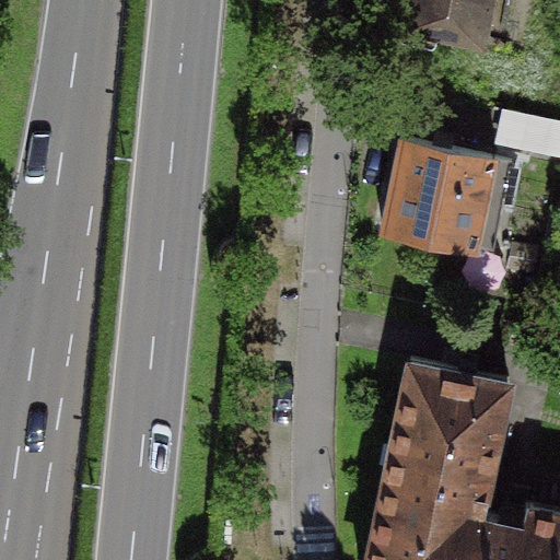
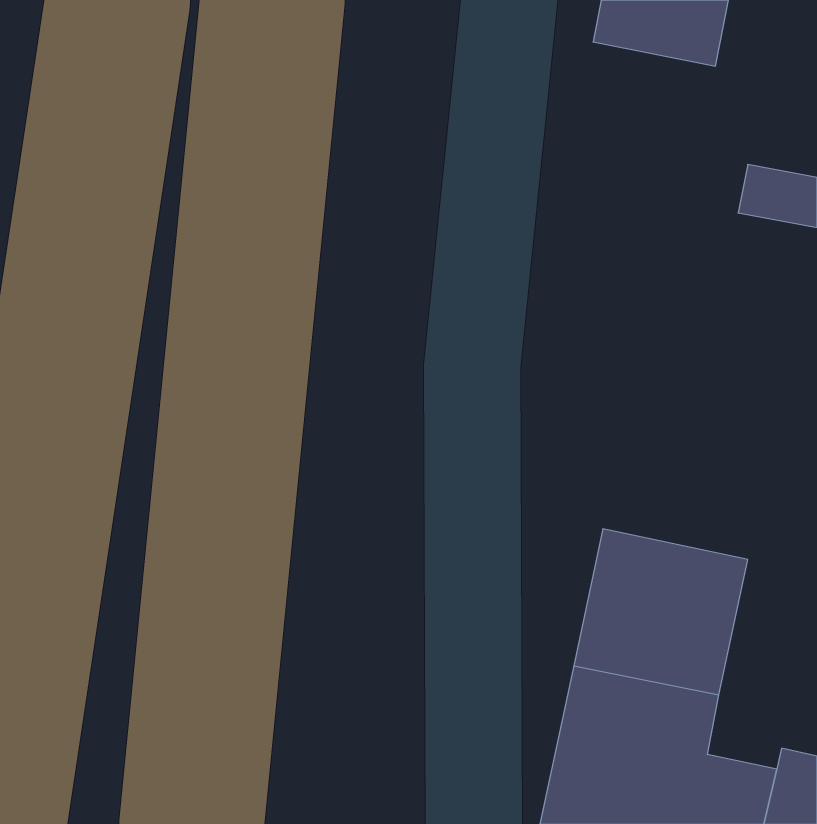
building: [385,143,512,245] -> none

